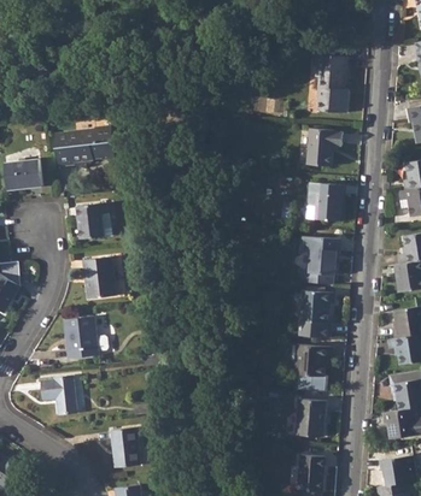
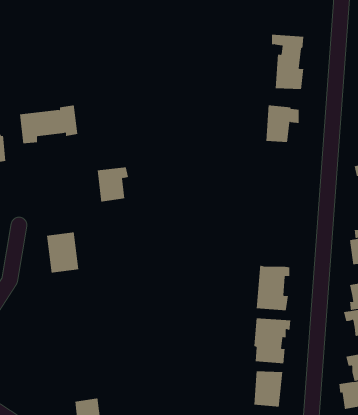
building: [310,184,344,222] -> none
building: [78,203,111,240] -> [97,167,129,202]
building: [300,237,343,284] -> none
building: [65,317,100,359] -> none
building: [43,376,78,415] -> none

